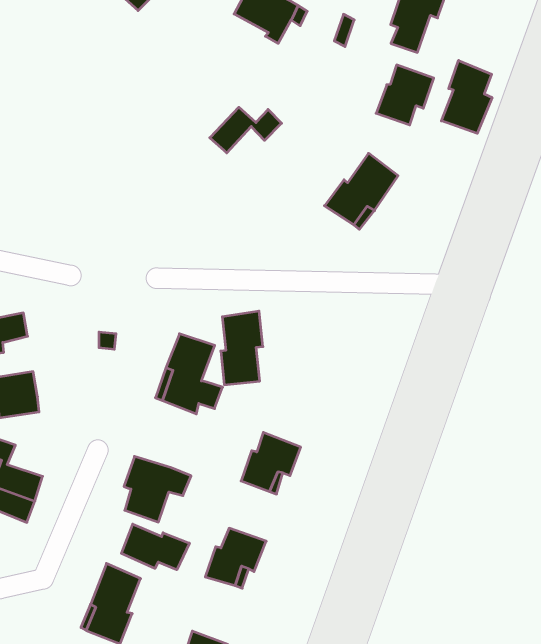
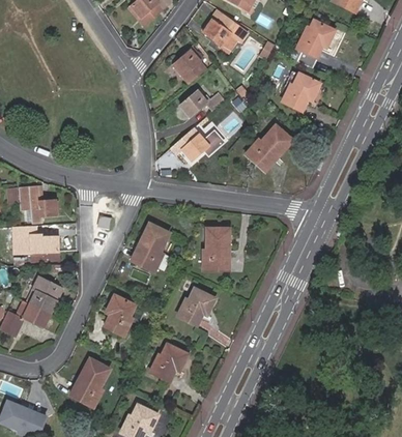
building: none -> [172,51,206,84]
building: [441,60,492,133] -> none
building: none -> [180,123,222,161]
building: [221,311,263,385] -> [202,228,228,270]
building: [121,524,189,570] -> none

